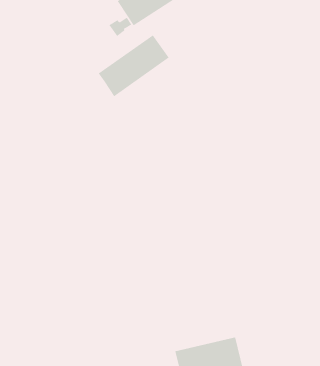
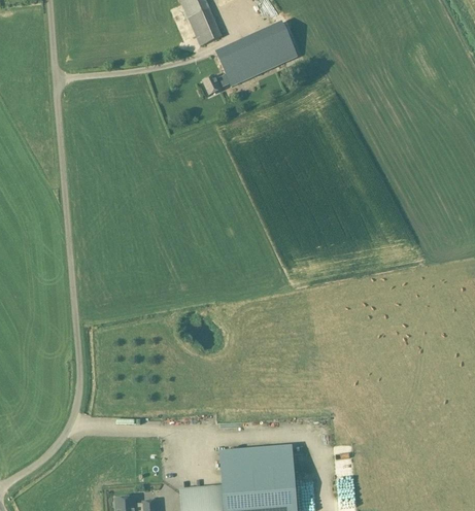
building: [98,35,170,97] -> none

